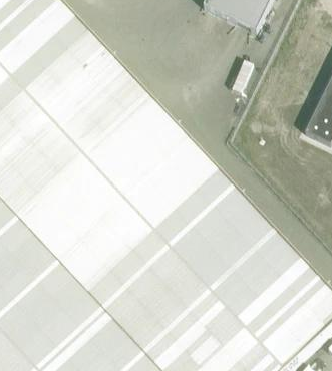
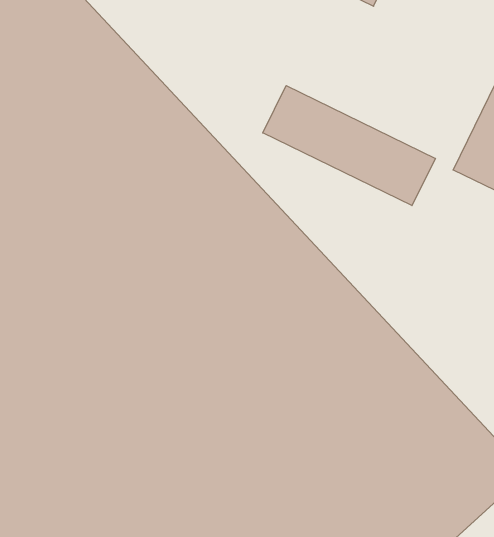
building: none -> [263,86,435,206]

